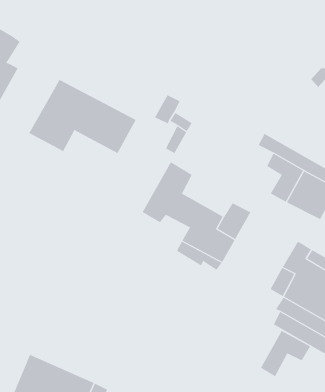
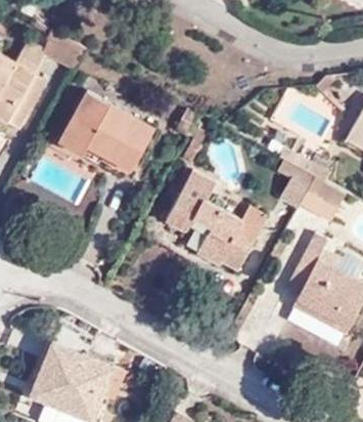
building: none -> [41,30,85,70]
building: none -> [88,138,138,179]
building: [260,330,311,377] -> none

